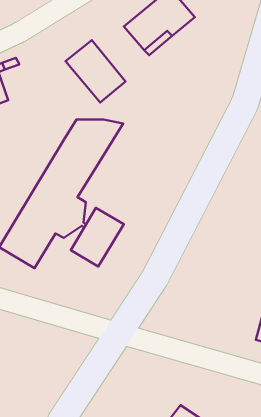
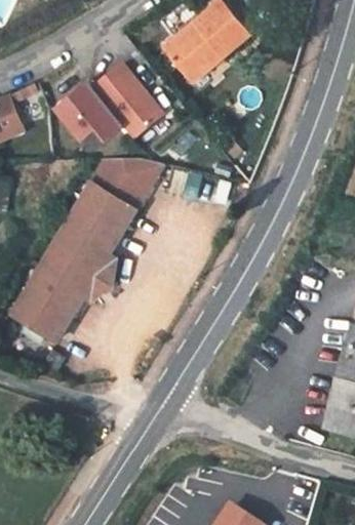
building: none -> [55,83,123,140]
building: [71,208,124,267] -> none

